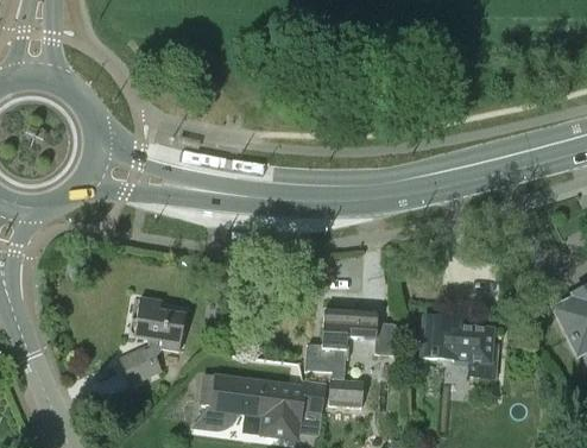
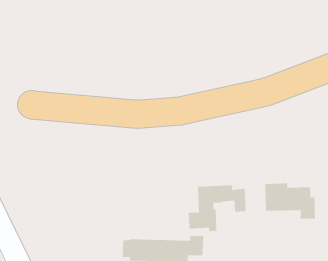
building: [118,297,185,384] -> none
building: [327,377,361,406] -> none

